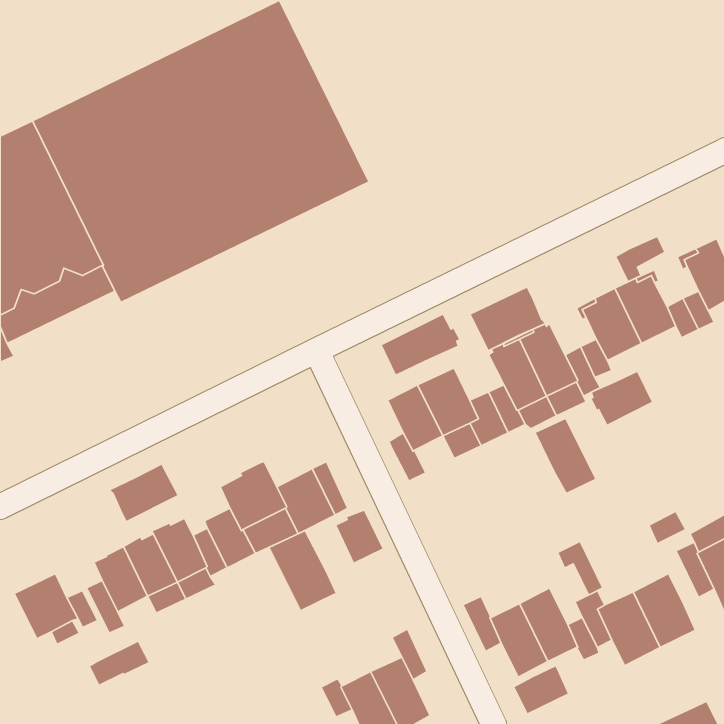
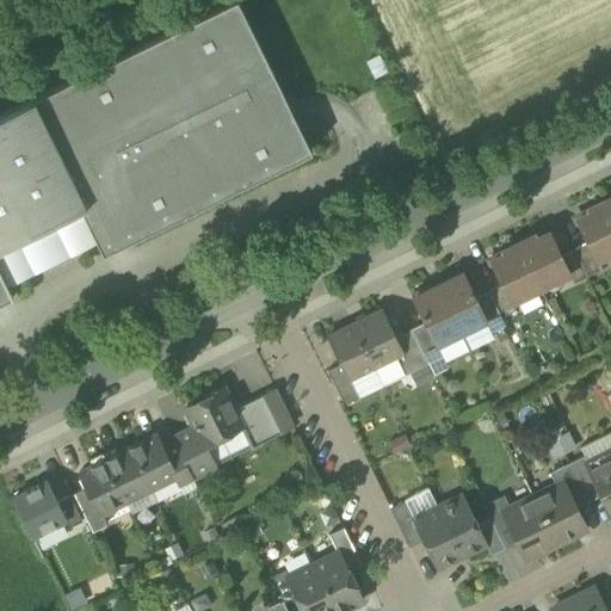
building: [615,236,665,282] -> none
building: [470,287,546,351] -> none
building: [381,314,460,375] -> none
building: [590,371,653,426] -> none
building: [535,418,596,494] -> none
building: [109,464,178,522] -> none
building: [335,510,383,564] -> none
building: [269,530,337,611] -> none
building: [557,541,603,595] -> [550,464,588,510]
building: [89,641,149,686] -> none
building: [514,666,569,714] -> none

